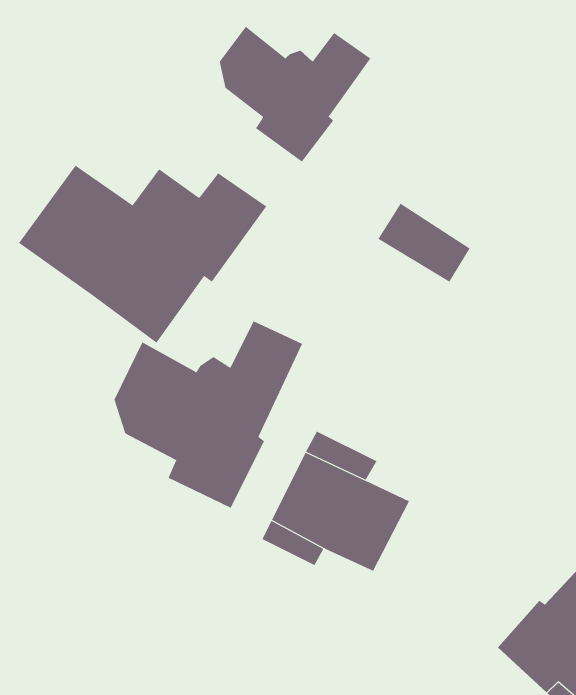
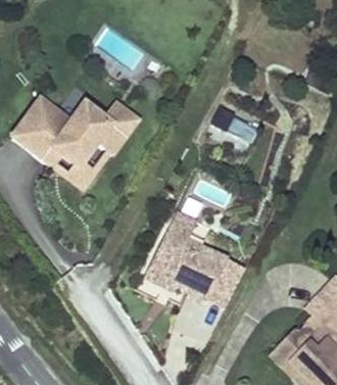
building: [219,26,371,162] -> none
building: [114,321,303,508] -> none

